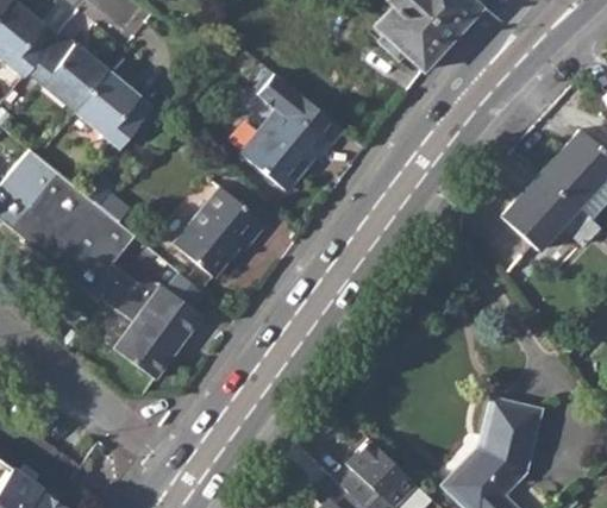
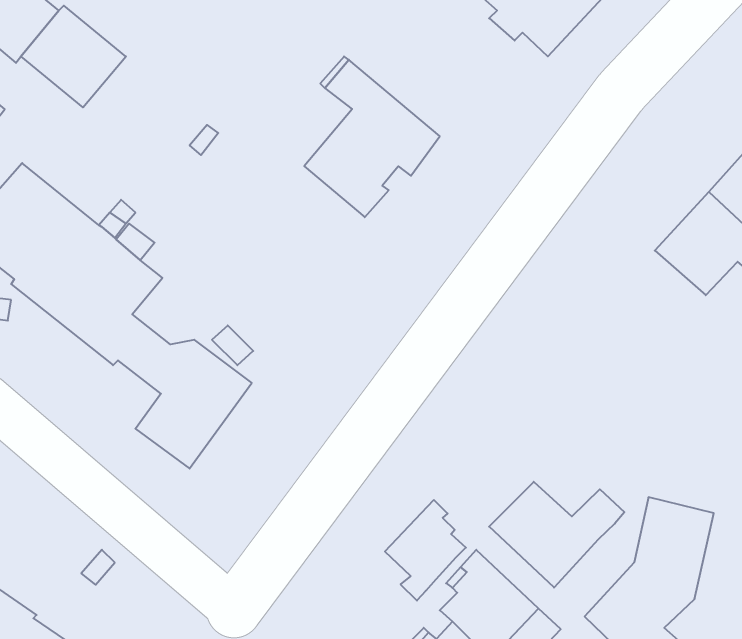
building: [74,69,151,145] -> none
building: [171,186,264,276] -> none
building: none -> [489,482,624,588]
building: none -> [385,500,466,601]

